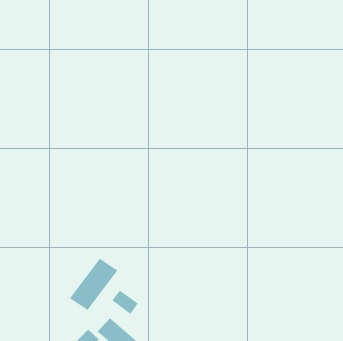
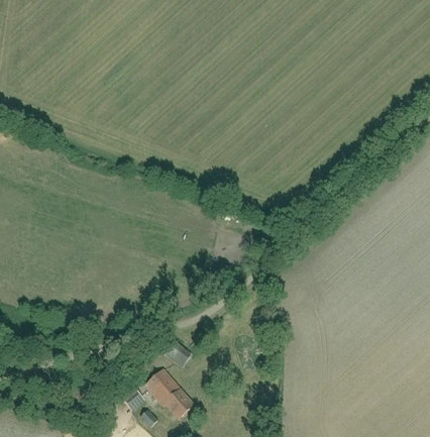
building: [69,258,118,311] -> none

